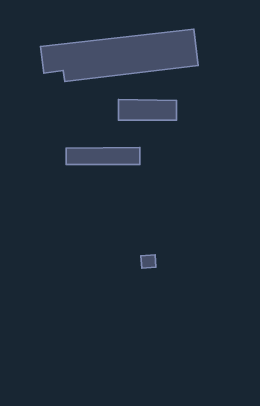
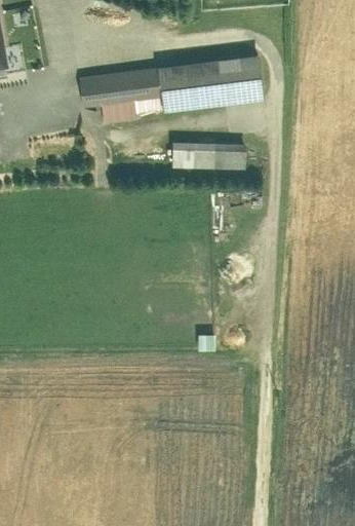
building: [66,147,140,165] -> none

